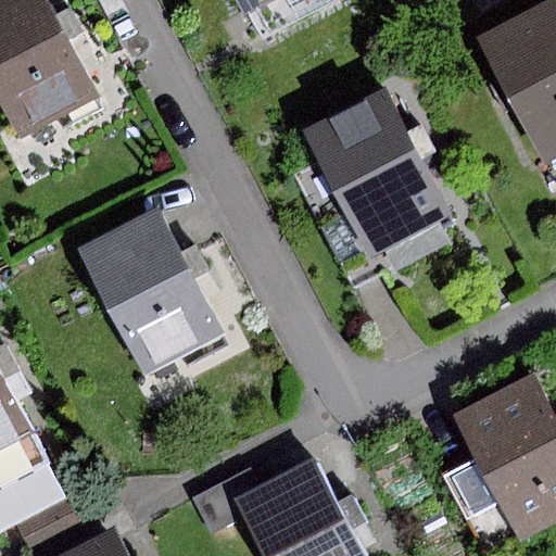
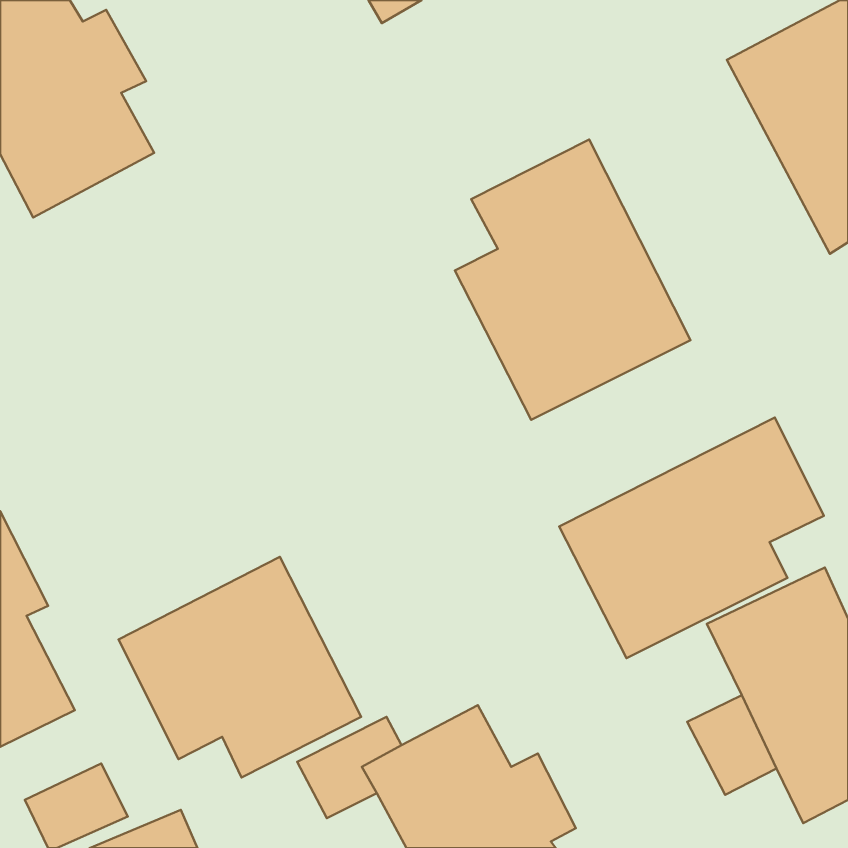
building: [79,208,223,374] -> none
building: none -> [559,418,824,658]
building: none -> [119,557,361,778]

